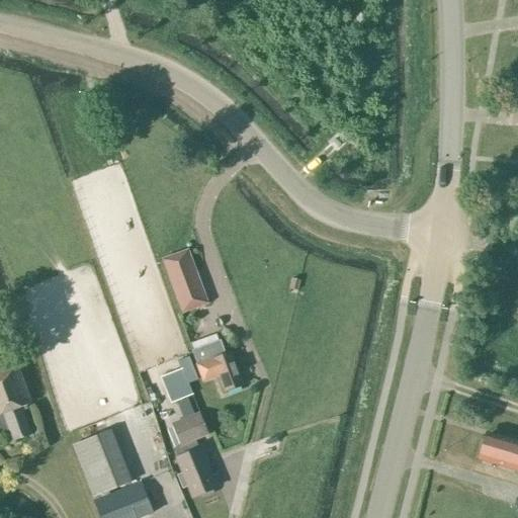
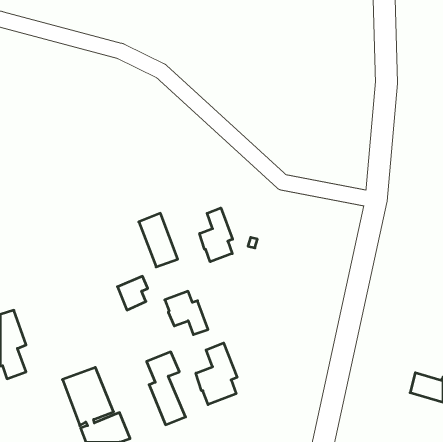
building: none -> [200,208,233,262]
building: [160,364,195,404] -> [117,276,148,310]
building: none -> [196,343,237,405]

